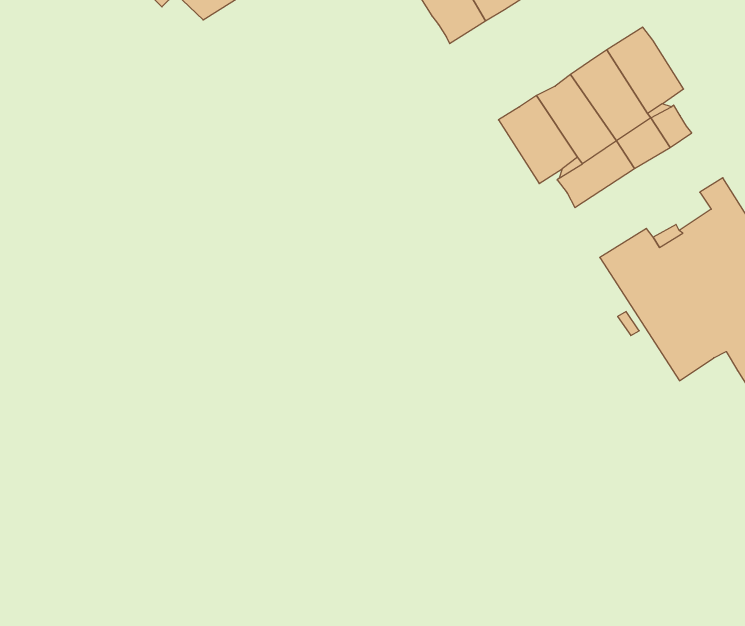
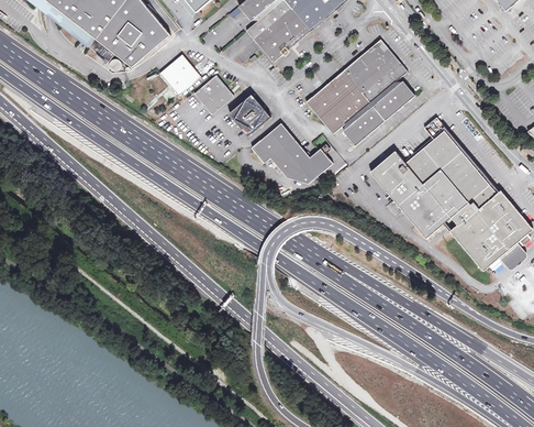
building: none -> [159,54,201,96]
building: none -> [194,75,234,113]
building: none -> [230,94,271,136]
building: none -> [252,122,333,184]

